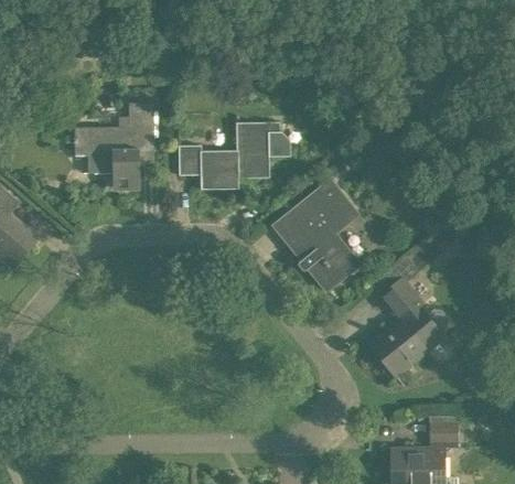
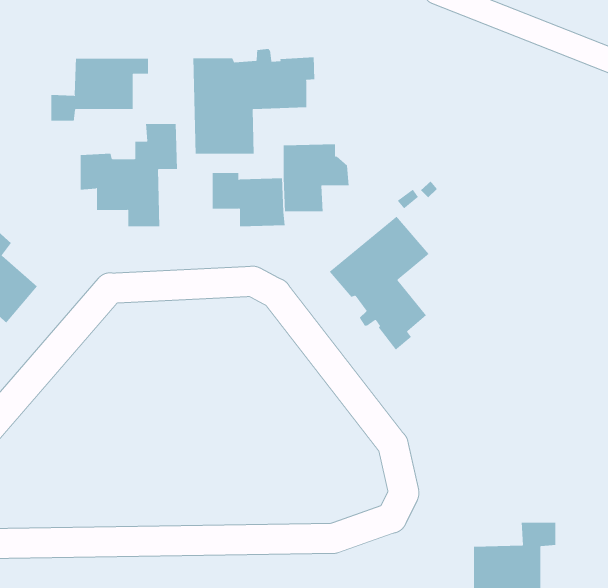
building: none -> [193,48,315,155]
building: none -> [51,58,148,121]
building: [371,228,455,375] -> none

